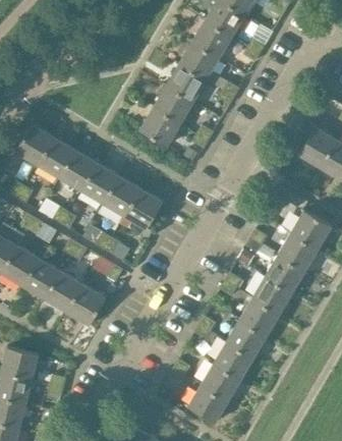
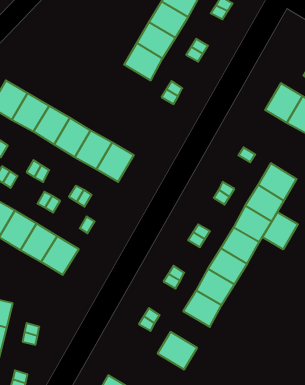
building: [139,108,180,146] -> none
building: none -> [263,212,298,249]
building: [201,363,241,400] -> none

